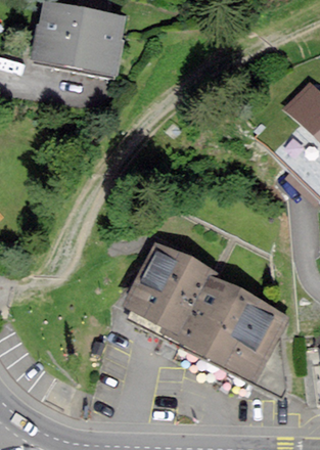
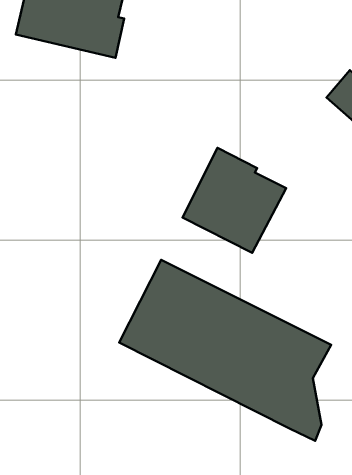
building: none -> [182,148,286,253]

